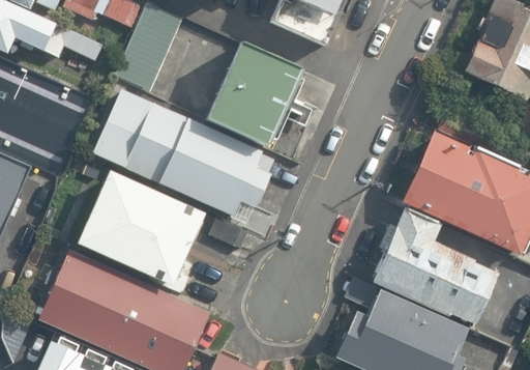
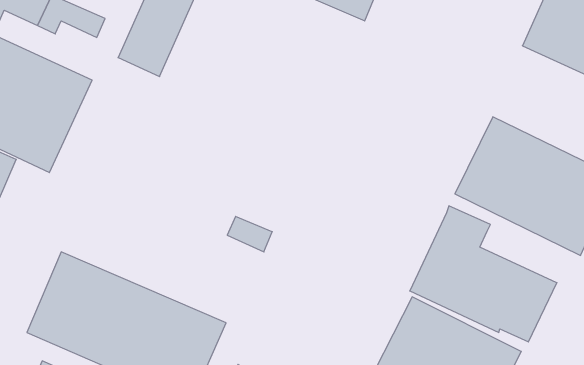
building: [206,41,301,146] -> none
building: [92,89,273,224] -> none
building: [76,172,206,288] -> none

